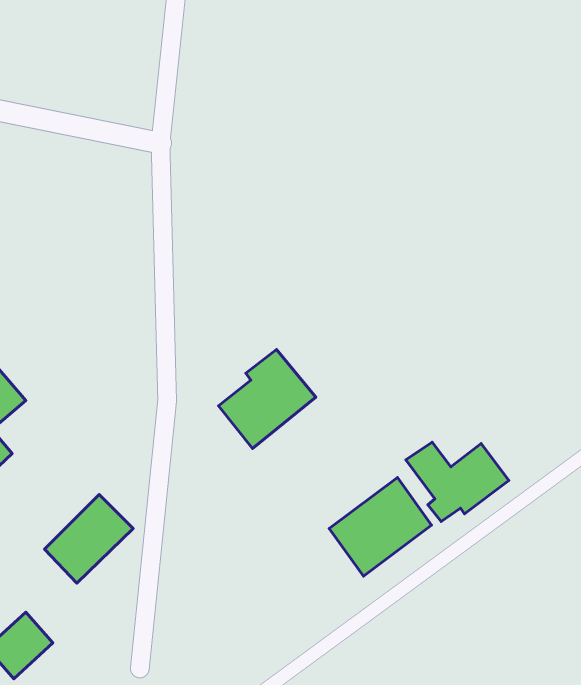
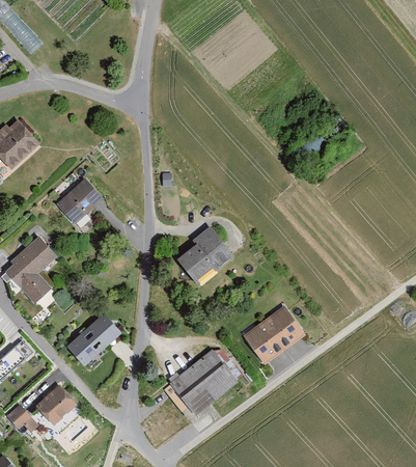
building: none -> [54,176,102,229]
building: [406,442,509,522] -> none
building: none -> [165,349,241,418]

